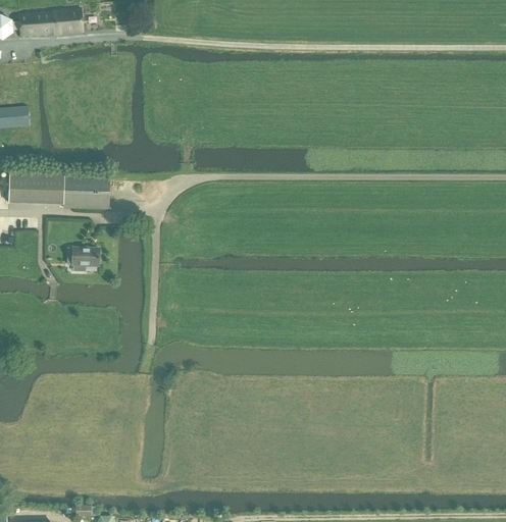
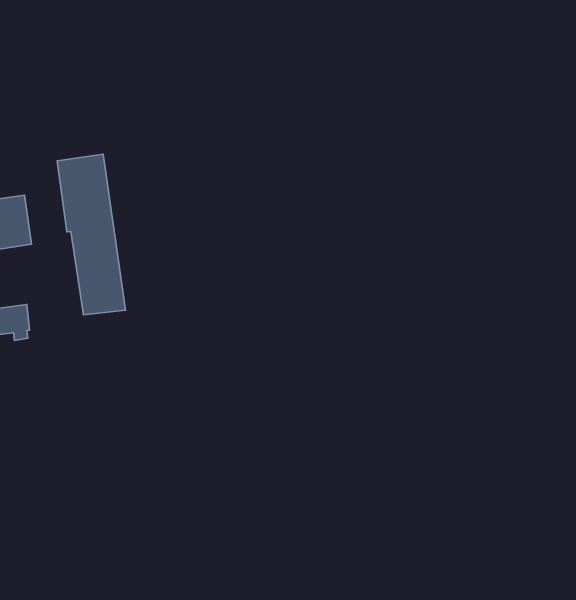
building: none -> [57,154,125,315]

